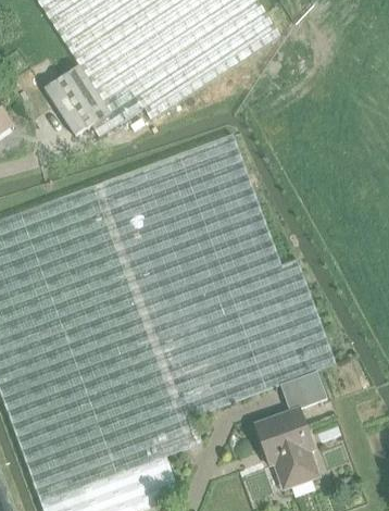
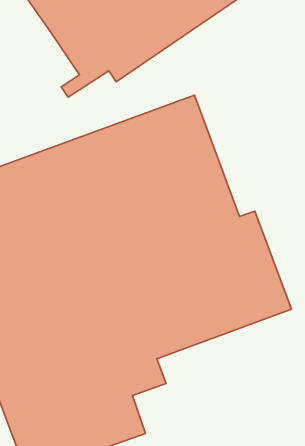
building: [42,66,110,137] -> none
building: [254,371,326,487] -> none

